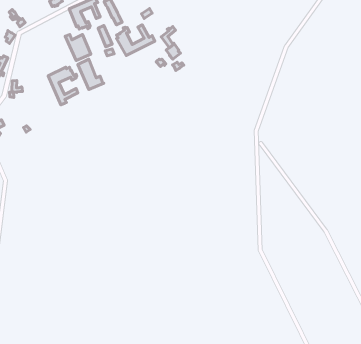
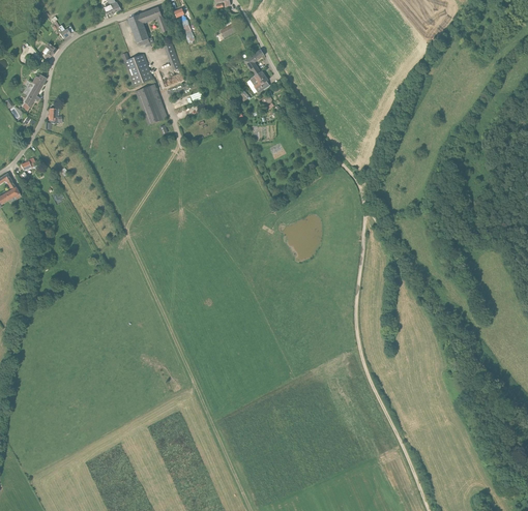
building: [116,25,155,56] -> none
building: [48,67,78,105] -> none

